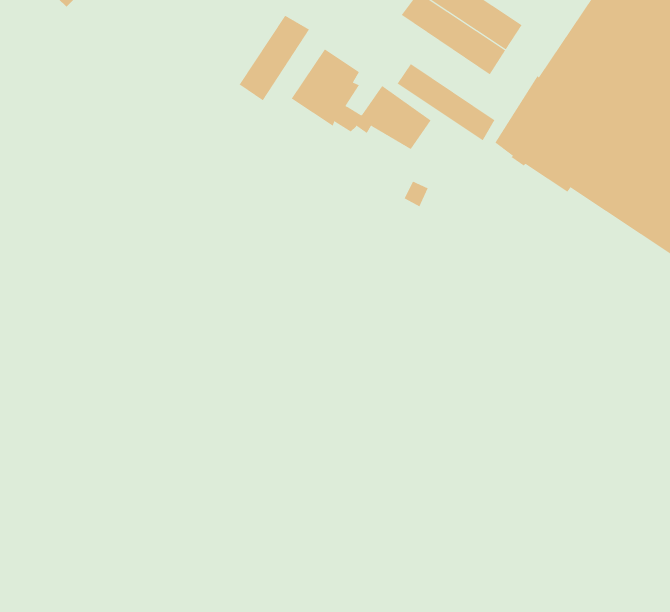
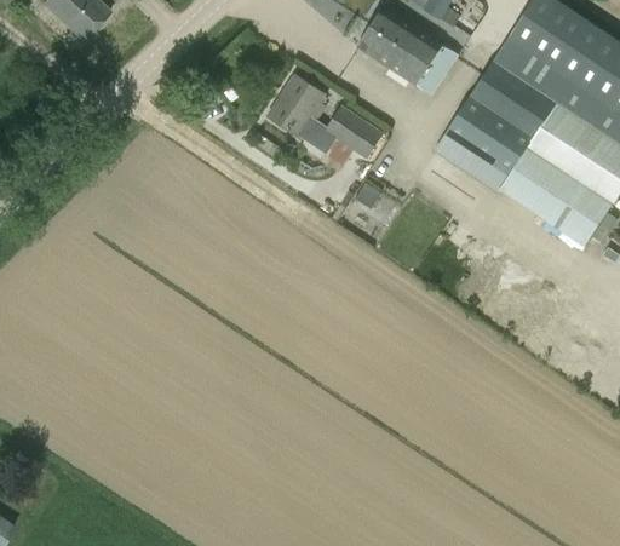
building: [239,15,310,101] -> none
building: [397,63,495,141] -> none

